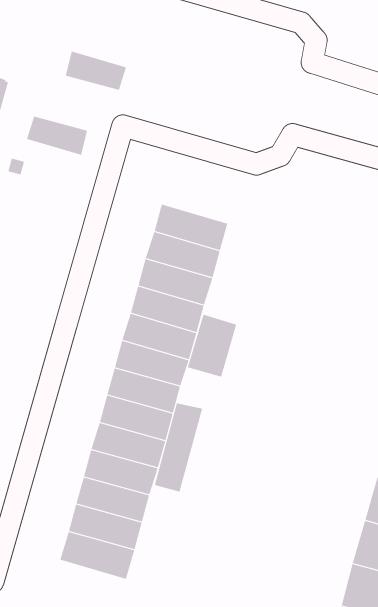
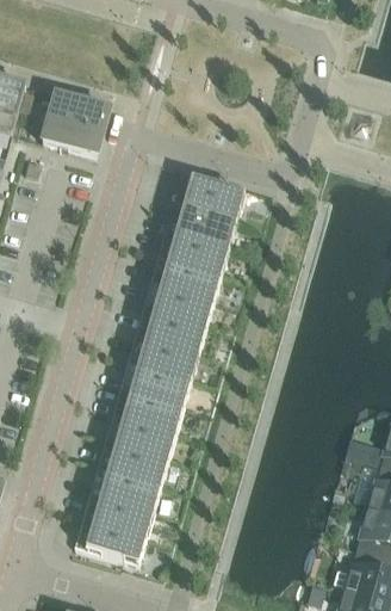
building: [65,51,127,91] -> [50,93,110,131]
building: none -> [173,174,246,221]
building: [187,314,237,377] -> none
building: [154,403,203,492] -> none

